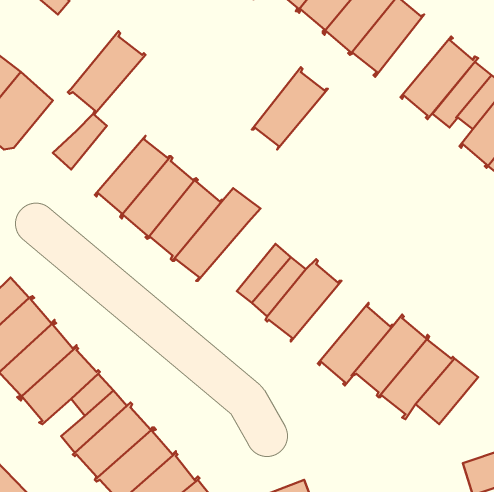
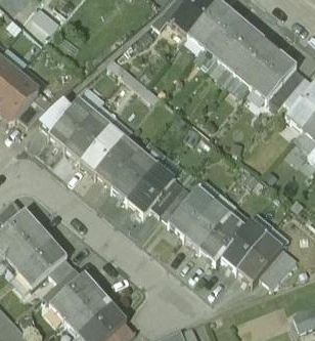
building: [68,31,146,114] -> [48,96,95,146]
building: [252,67,328,150] -> [234,37,280,87]
building: none -> [127,163,174,213]
building: none -> [183,199,230,249]

